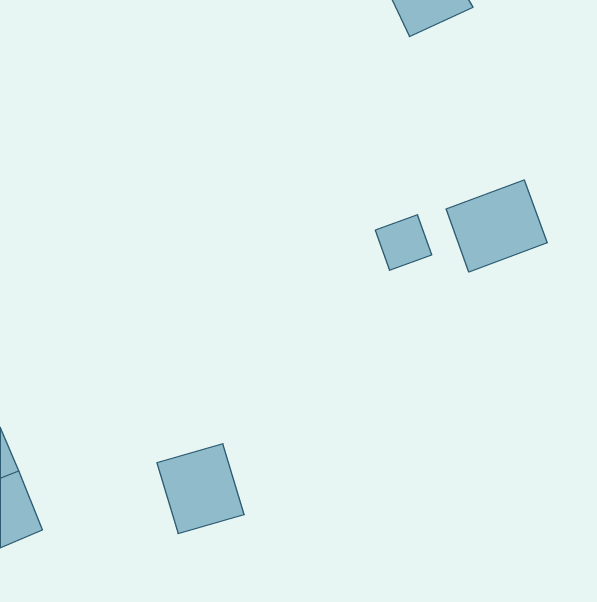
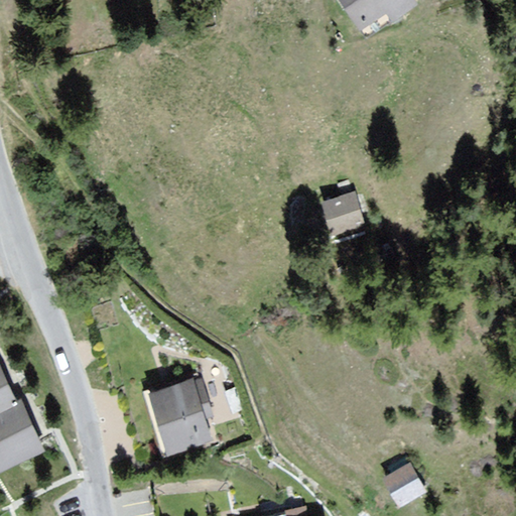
building: [446,180,547,272] -> none
building: none -> [380,462,425,507]

